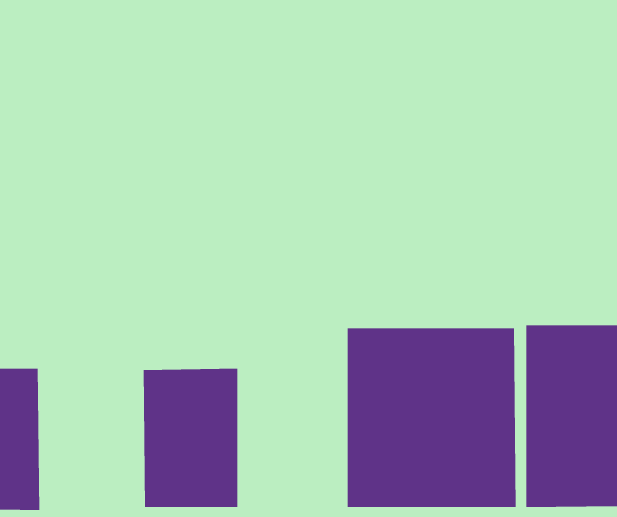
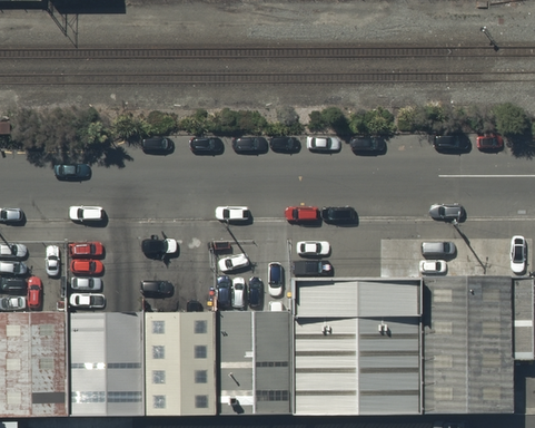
building: none -> [62,314,130,419]
building: none -> [210,314,284,418]

